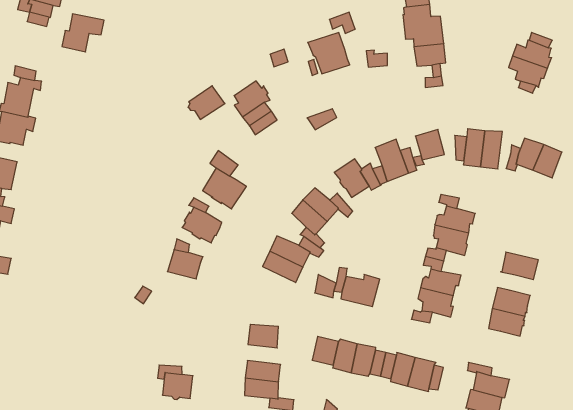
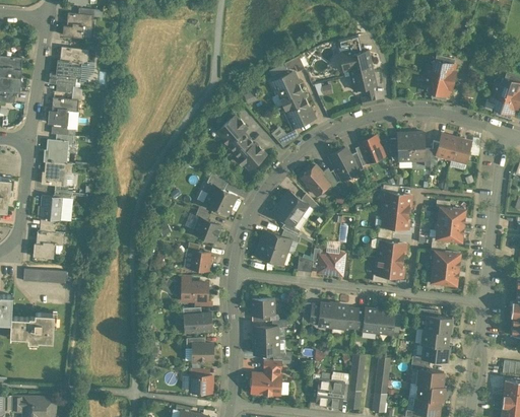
building: [62,14,104,52] -> [49,97,78,125]
building: none -> [283,95,314,128]
building: [188,86,225,119] -> [239,142,266,168]
building: none -> [438,206,464,225]
building: none -> [184,282,207,300]
building: none -> [183,312,213,332]

